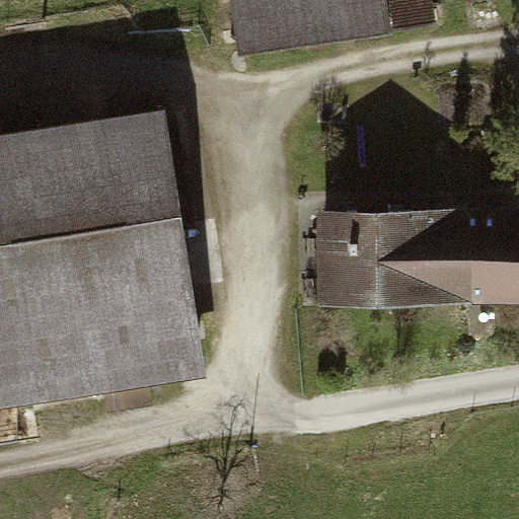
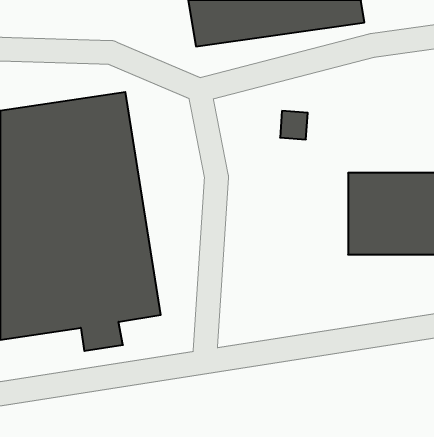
building: [308,207,417,303] -> none

